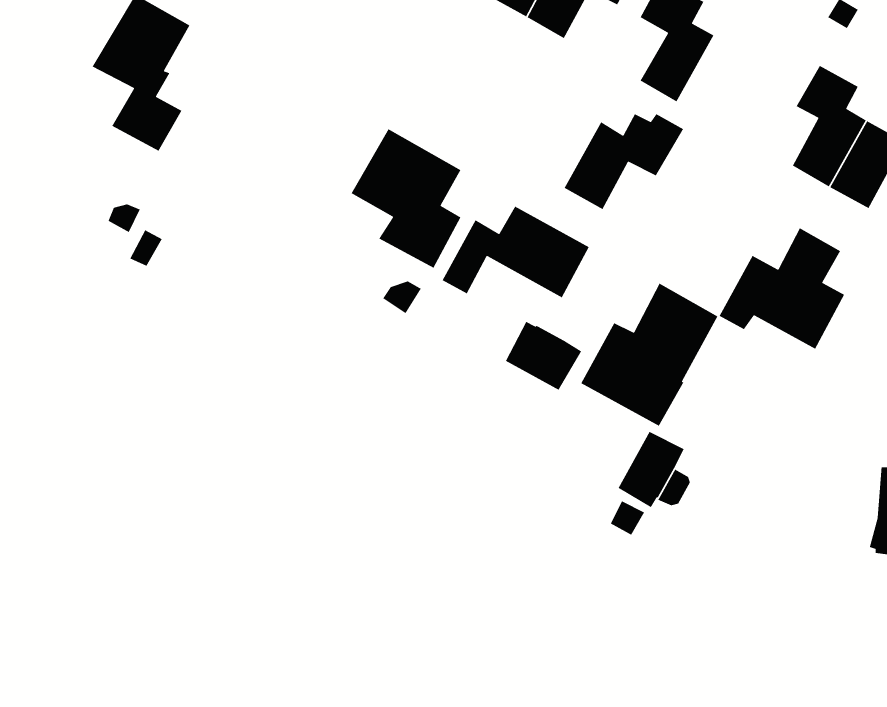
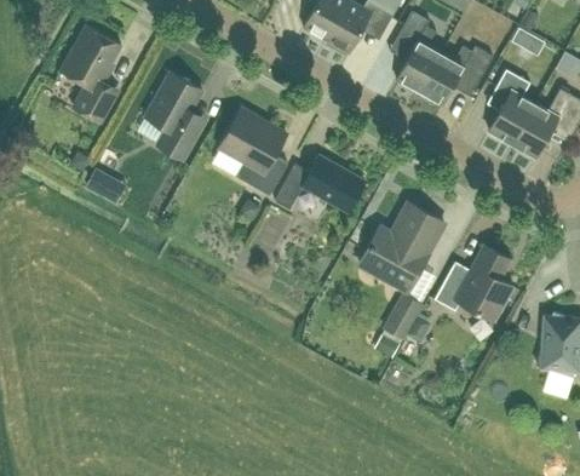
building: none -> [145,71,206,160]
building: [563,113,684,210] -> [419,46,493,105]
building: [719,227,845,350] -> [435,245,512,320]
building: [505,321,582,391] -> none

